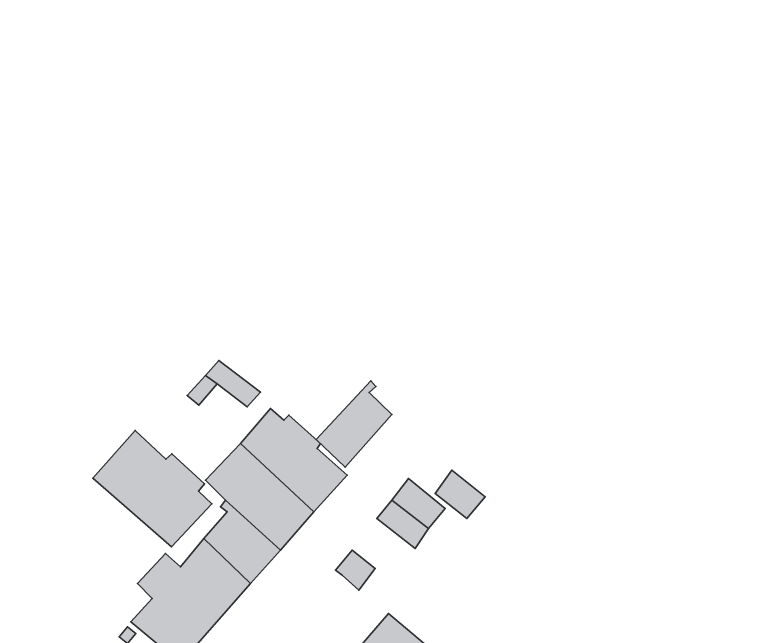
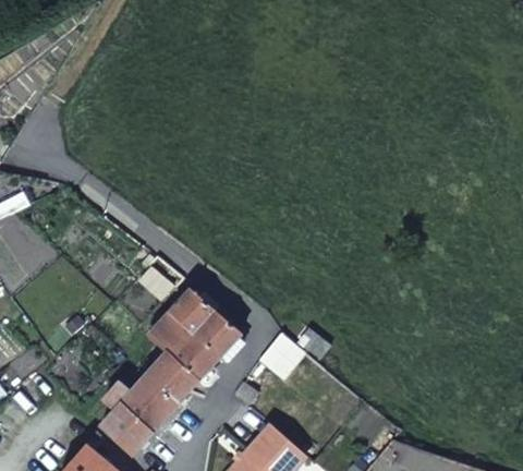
building: [316,381,392,467] -> none
building: [93,431,212,547] -> none

